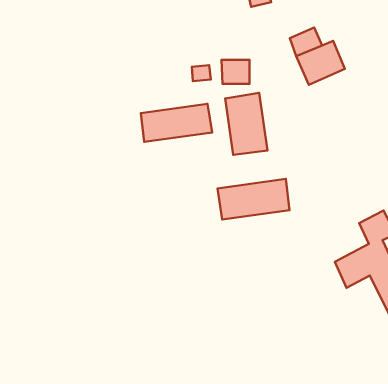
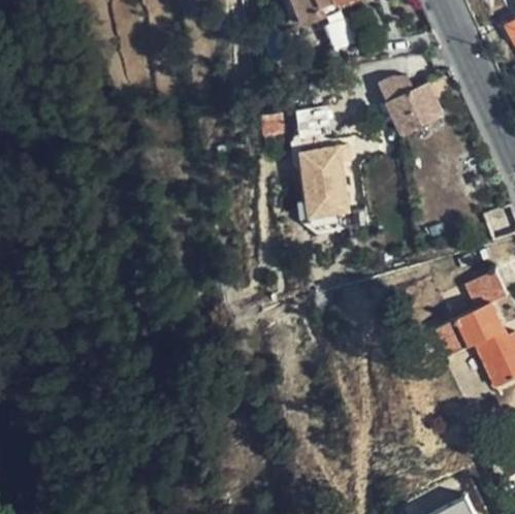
building: [141,104,212,142] -> none
building: [217,179,289,220] -> none

